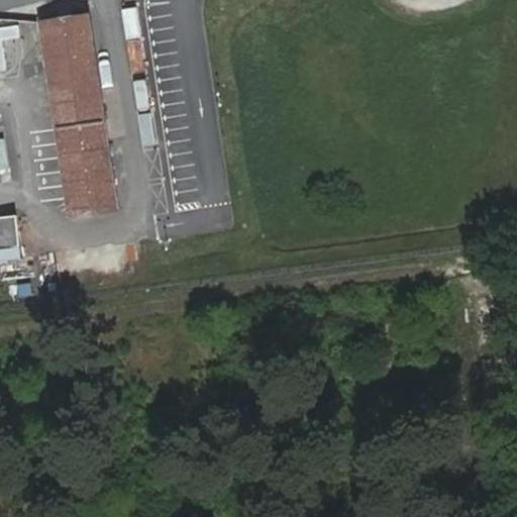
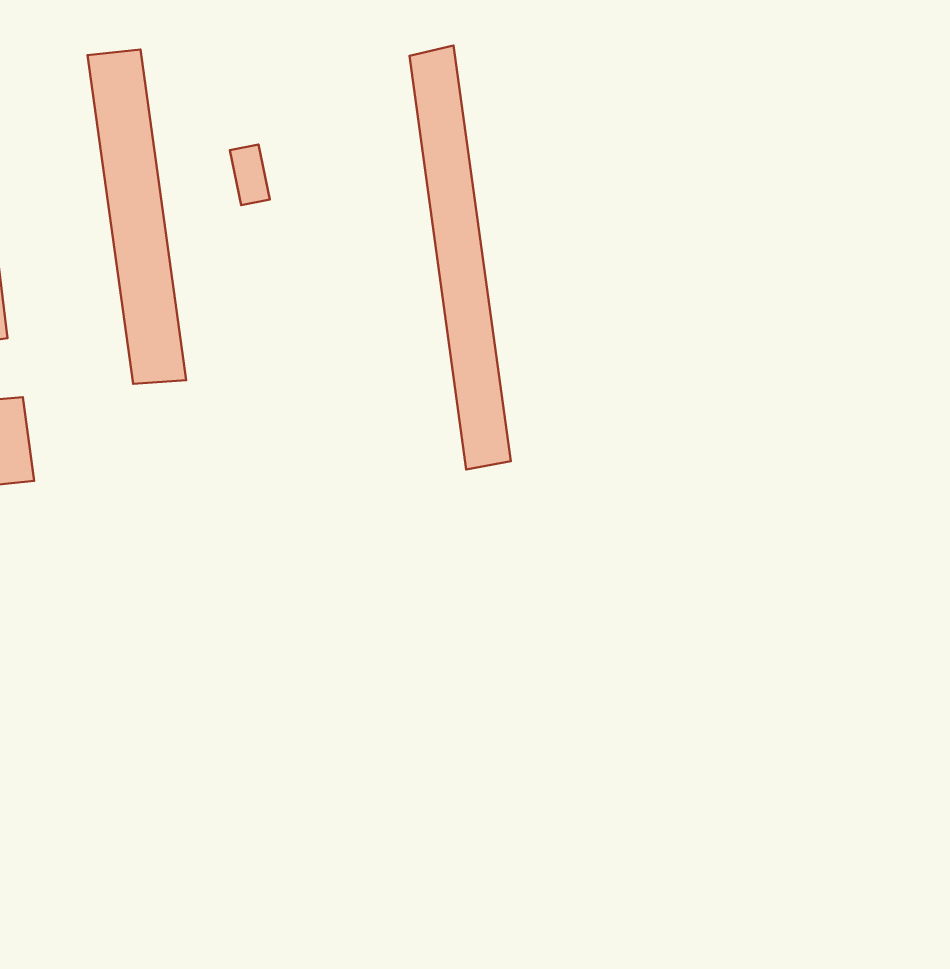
building: none -> [409,45,511,469]

